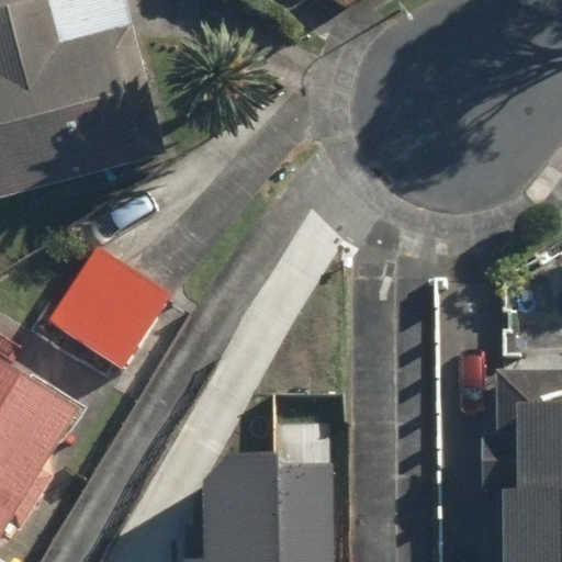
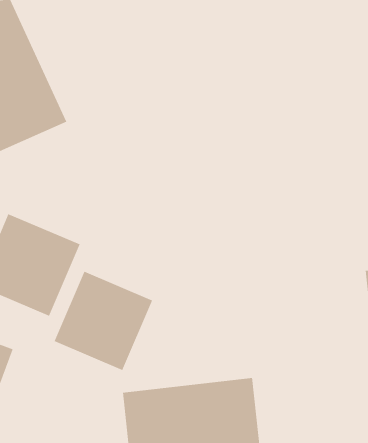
building: none -> [54,271,153,371]

